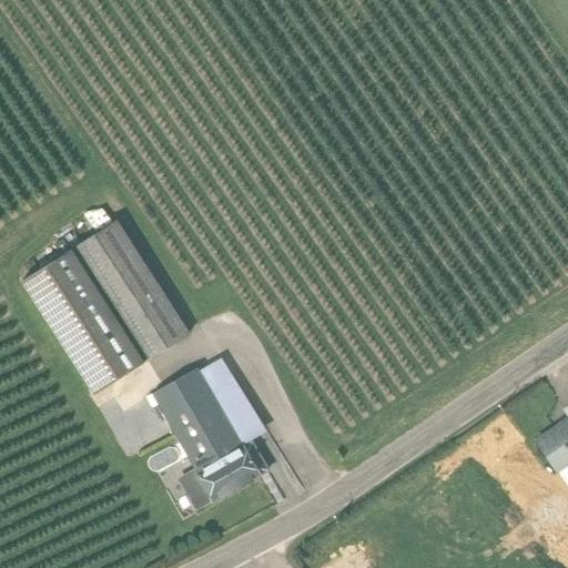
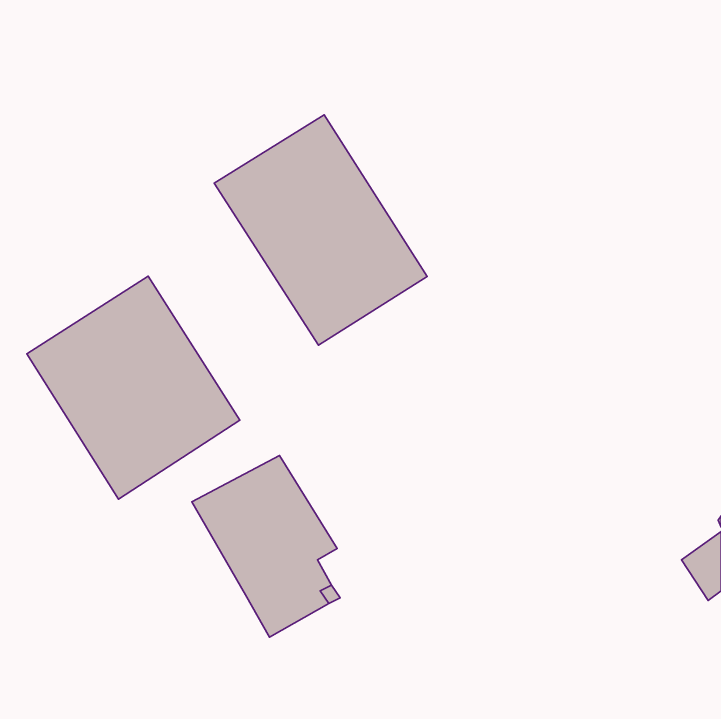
building: none -> [214,115,427,345]
building: [176,468,212,511] -> none

